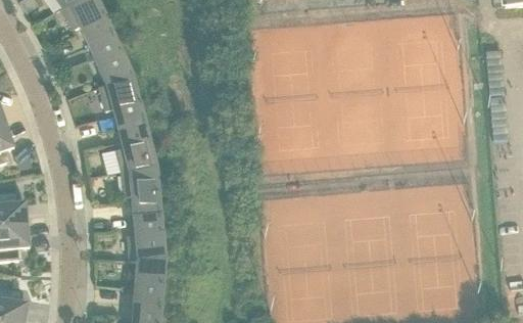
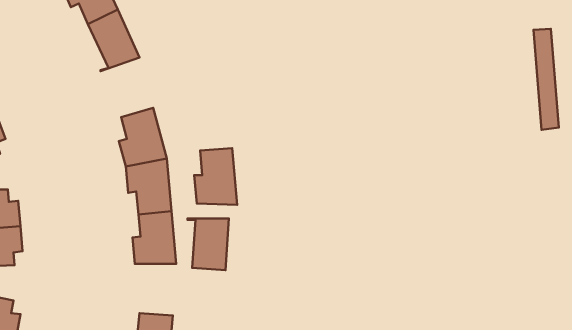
building: [98,74,145,127] -> none
building: none -> [194,148,237,205]
building: [129,258,165,304] -> [188,219,229,270]

